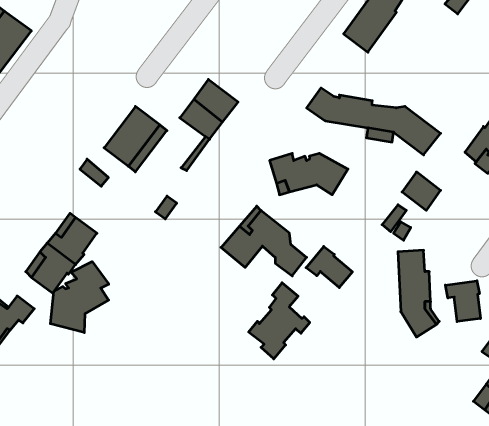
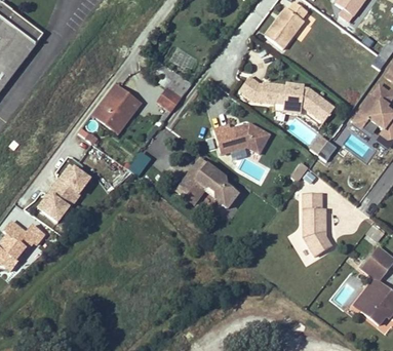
building: [306,246,352,288] -> none
building: [50,262,109,333] -> none
building: [445,281,480,322] -> none
building: [249,283,310,359] -> none

